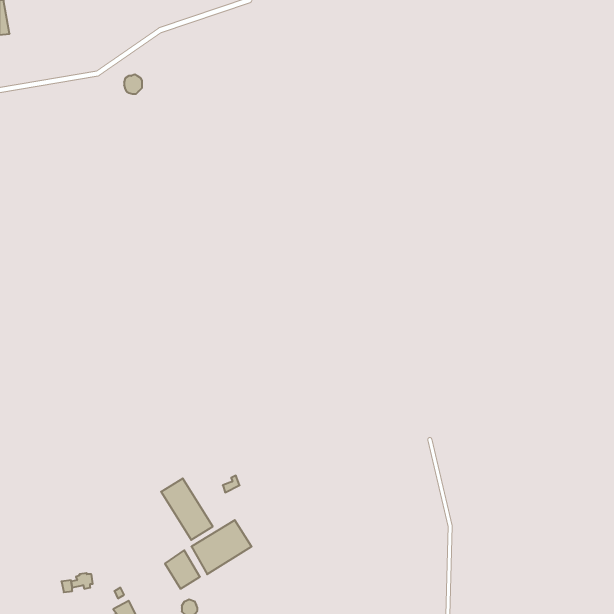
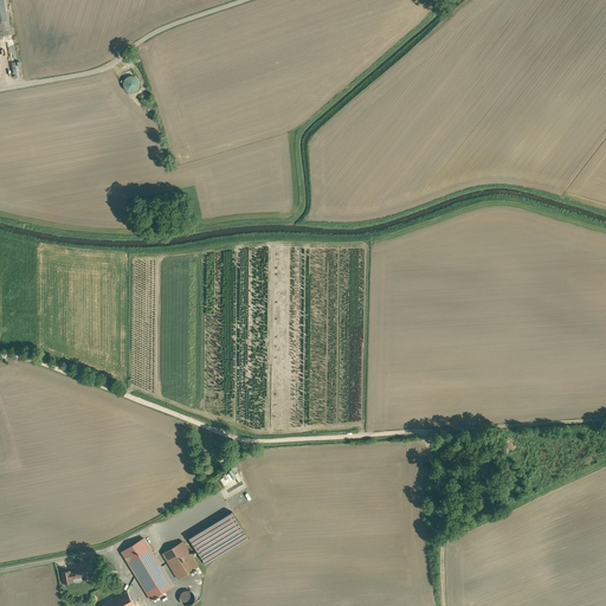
building: [161,478,213,540] -> [121,540,172,600]

